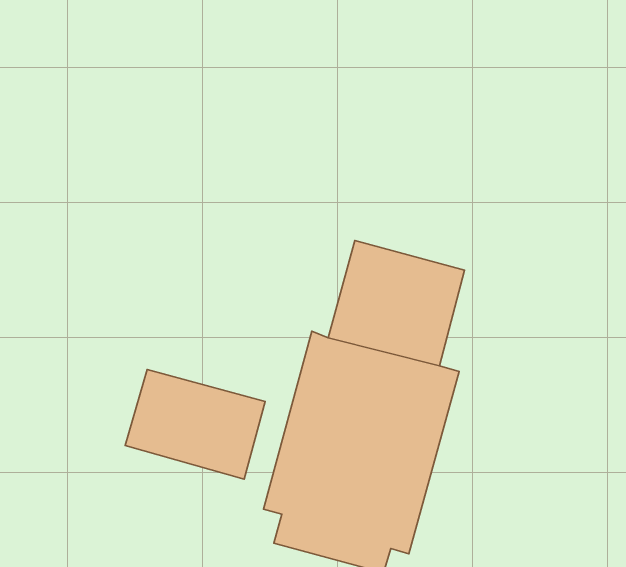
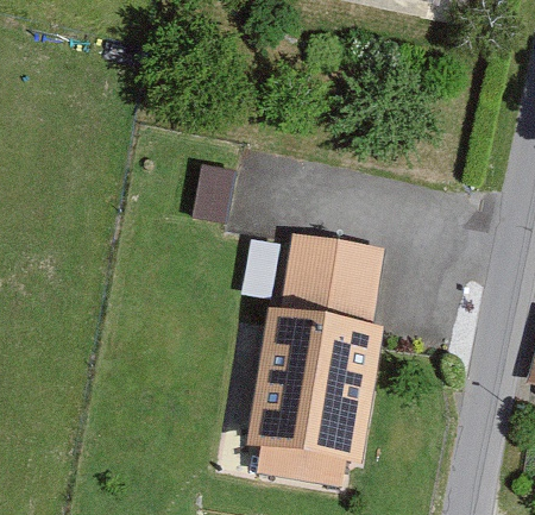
building: [125,369,265,479] -> none

